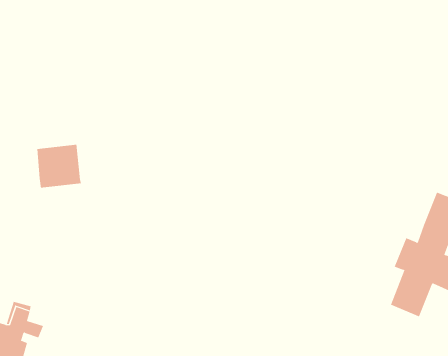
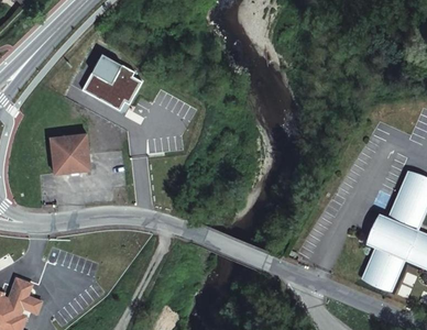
building: none -> [80,53,139,113]

